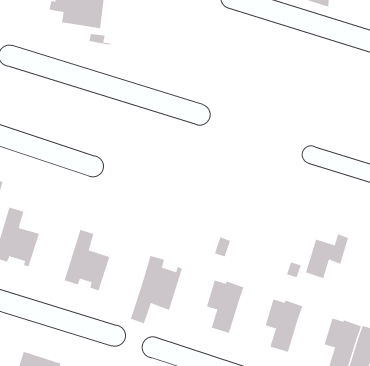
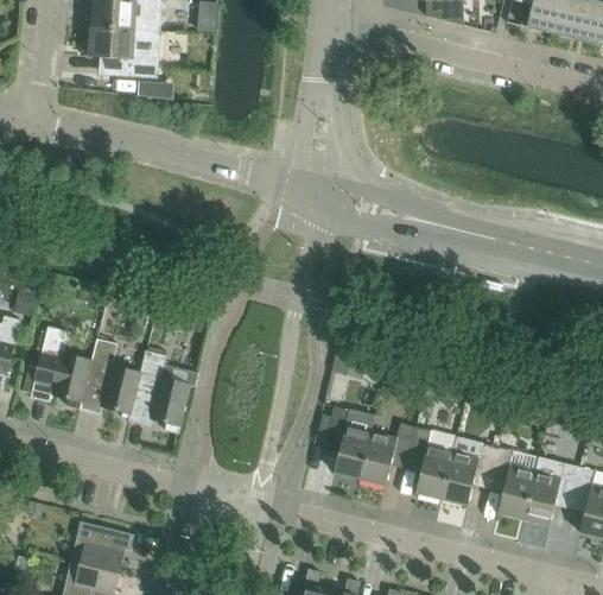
building: none -> [80,338,146,422]
building: [305,234,349,279] -> [442,442,497,505]
building: [130,255,184,330] -> none
building: none -> [360,422,415,485]

